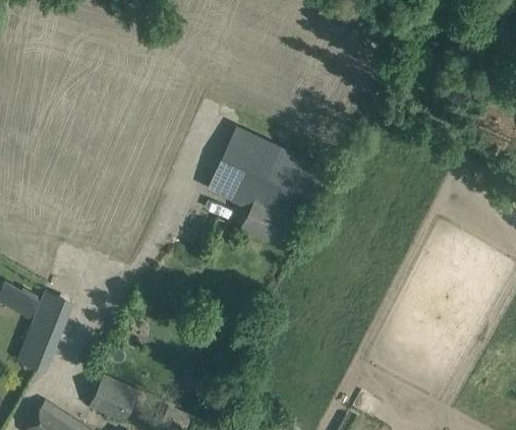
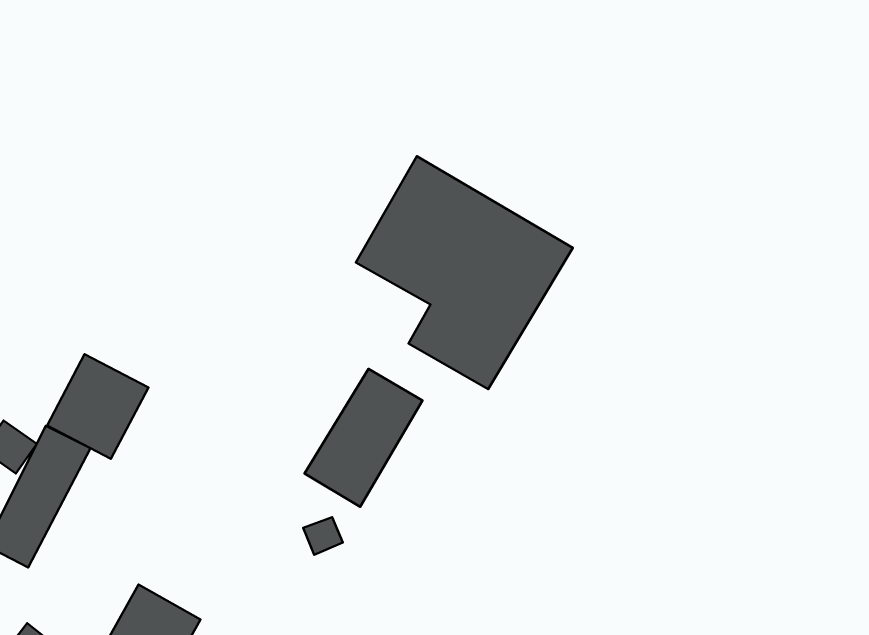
building: none -> [305,369,422,507]
building: none -> [47,354,148,459]

